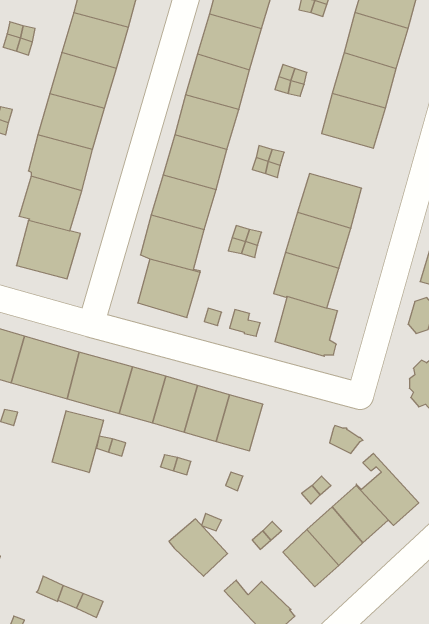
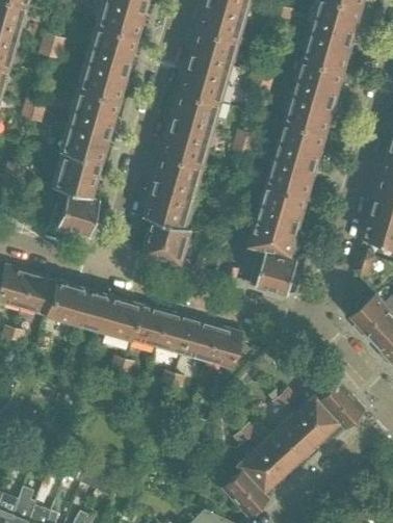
building: none -> [278,122,328,164]
building: [52,411,103,473] -> none
building: [169,519,228,576] -> [236,448,282,493]

